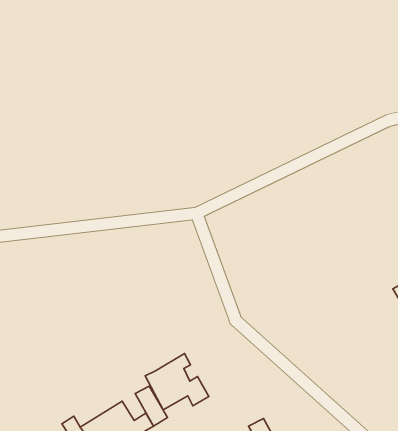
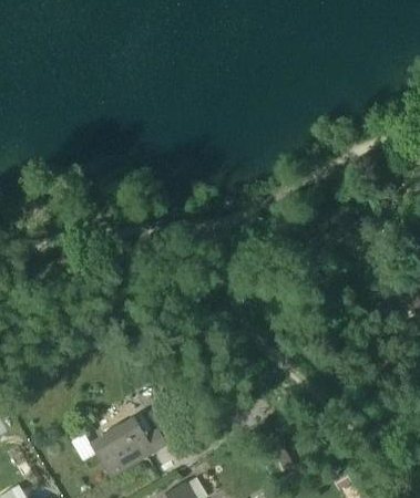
building: [145,354,209,410] -> none

